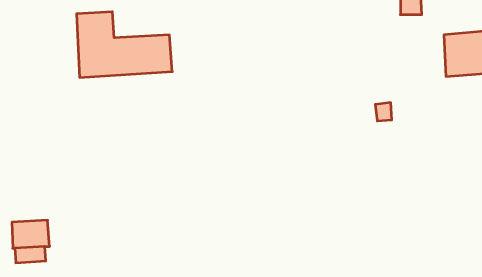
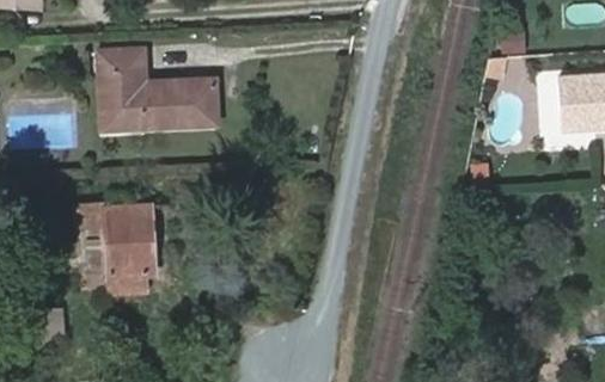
building: none -> [77,202,154,290]

